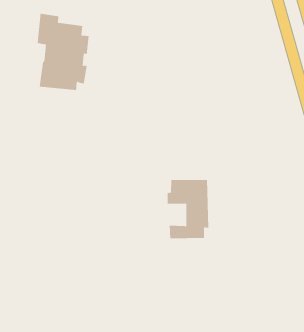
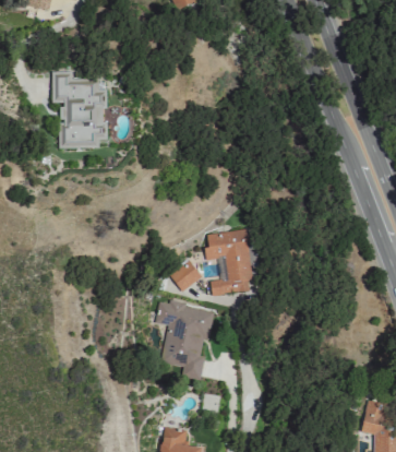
building: none -> [169,260,201,292]
building: none -> [154,300,214,380]

